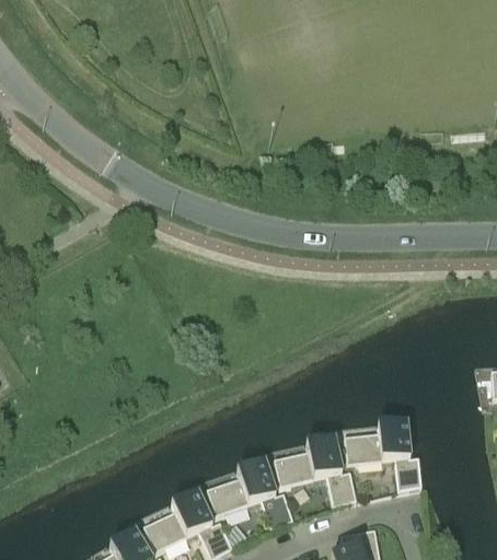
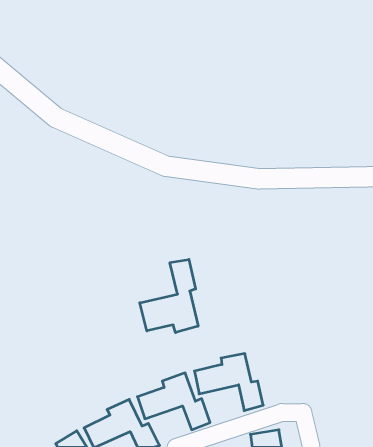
building: none -> [140,259,198,333]
building: [344,421,421,488] -> none

